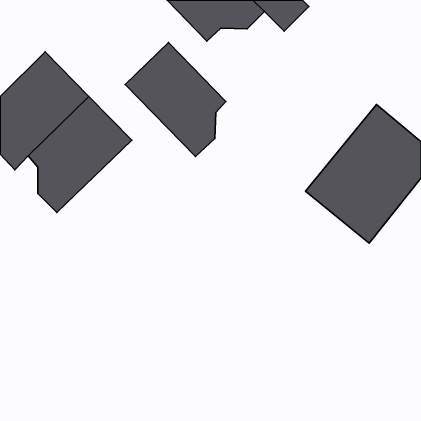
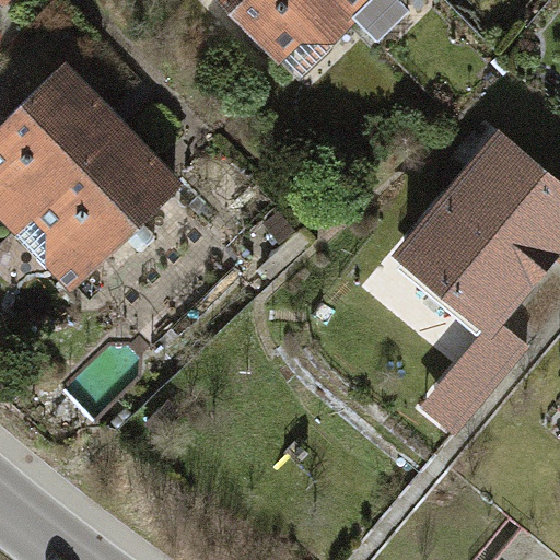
building: [125,43,226,157] -> none
building: none -> [424,312,538,429]

